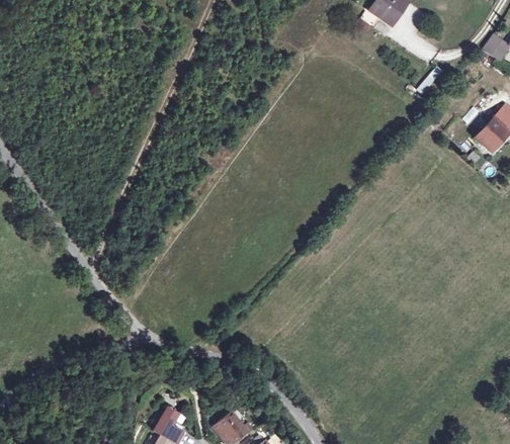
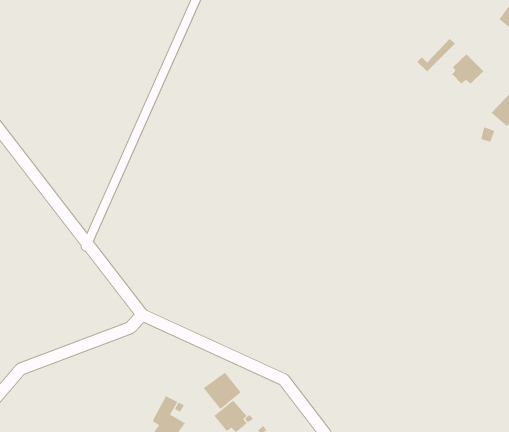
building: none -> [451,54,484,85]
building: none -> [203,372,241,410]

